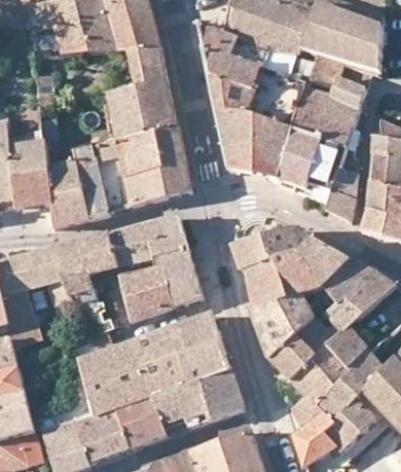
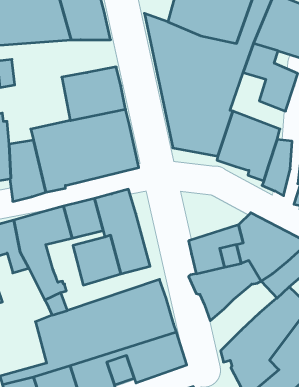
building: [126,50,166,86] -> none
building: [290,86,359,161] -> none
building: [233,227,313,271] -> none
building: [268,315,341,391] -> none

